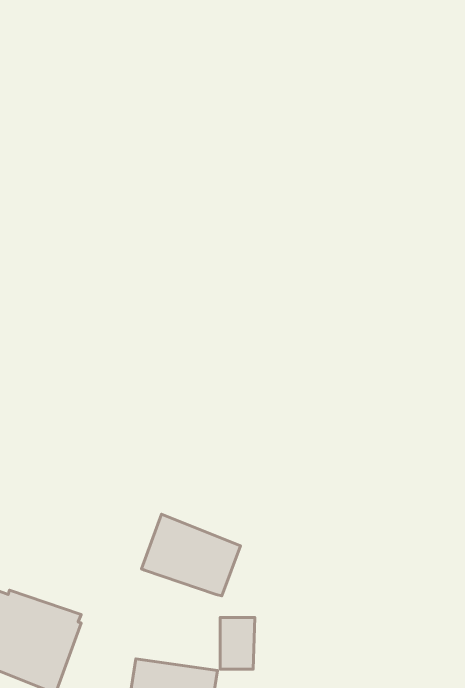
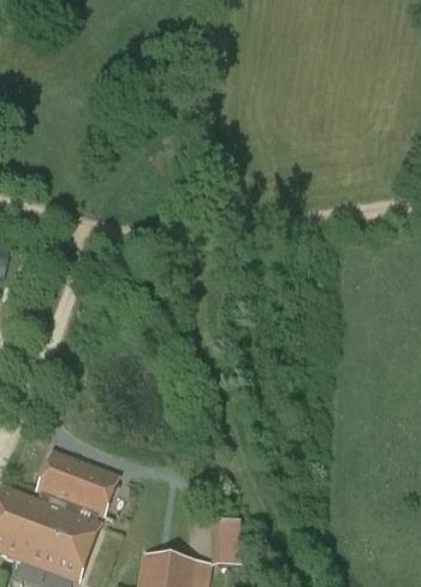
building: [142,514,241,596] -> [35,450,118,518]

